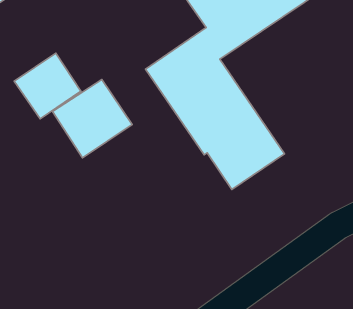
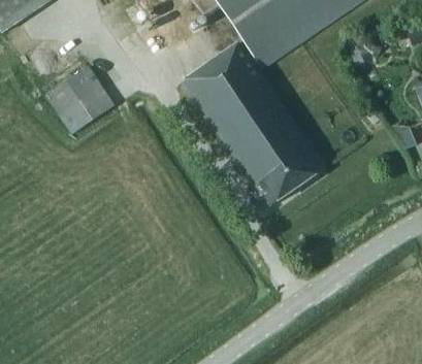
building: [53,80,132,158] -> none

